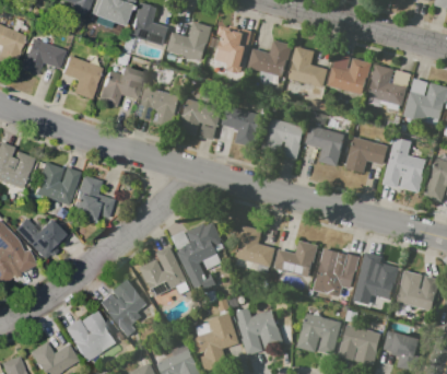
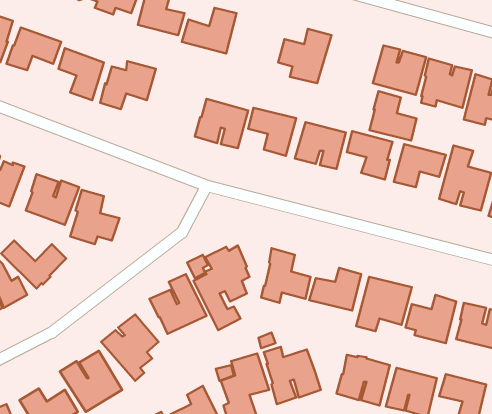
building: [208,28,248,70] -> none
building: [287,46,327,87] -> [370,91,416,141]
building: [137,86,180,128] -> none

